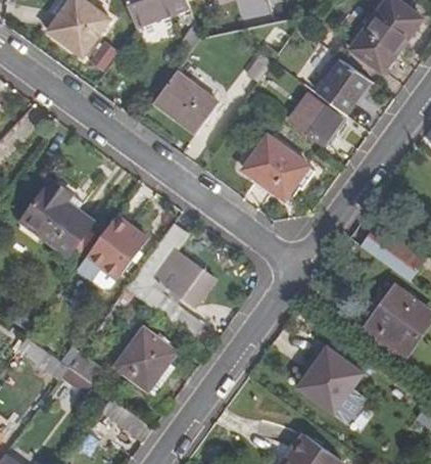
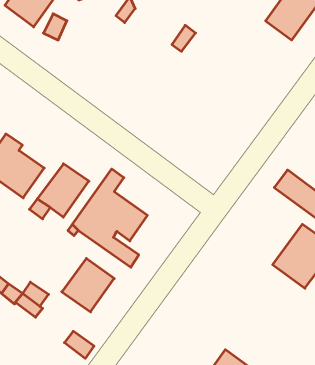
building: [321,61,364,104] -> none
building: [152,72,216,131] -> none
building: [290,94,338,136] -> none
building: [243,137,306,198] -> none
building: [301,344,375,419] -> none

